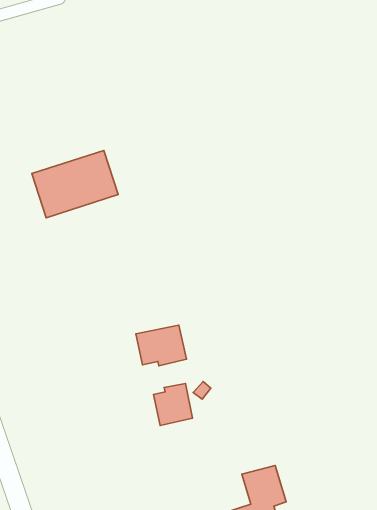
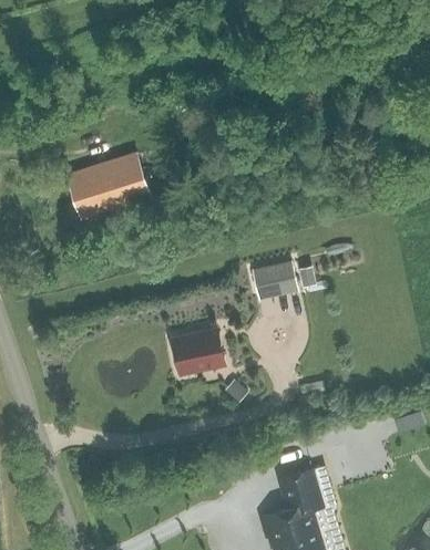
building: none -> [250,259,298,299]
building: [153,384,193,425] -> none

